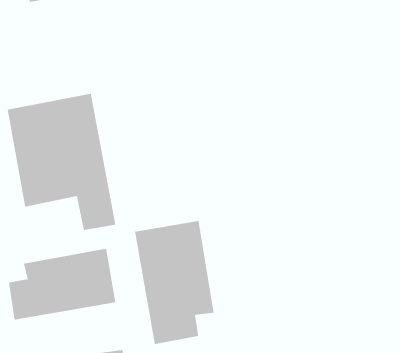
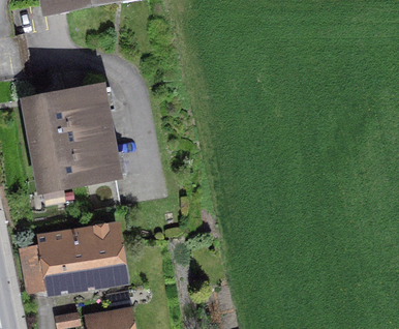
building: [135,220,214,345] -> none

